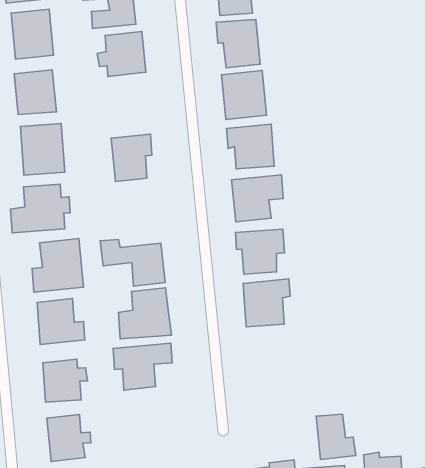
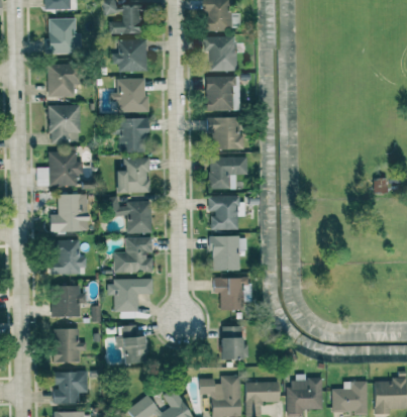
building: none -> [110,78,149,112]
building: none -> [116,158,150,193]
building: none -> [214,277,248,310]
building: none -> [116,325,146,363]
building: [316,414,356,460] -> [221,326,249,359]

